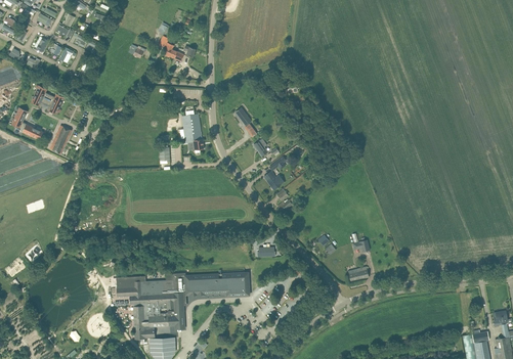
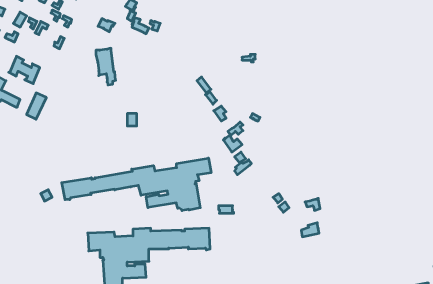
building: [182,114,204,153] -> [96,48,116,85]
building: none -> [62,158,211,211]

